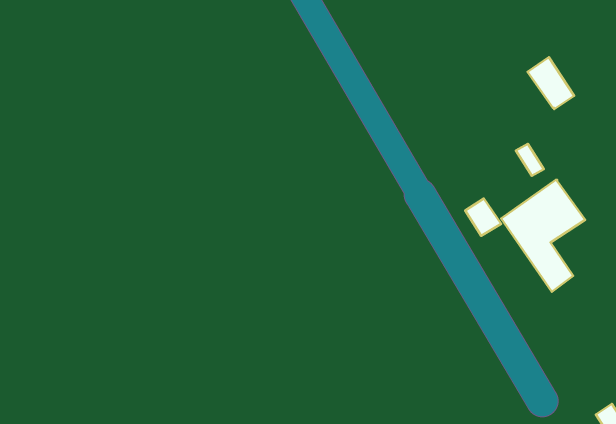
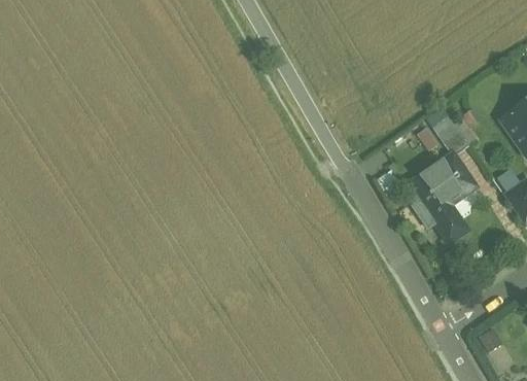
building: [527,57,574,109] -> [432,114,468,154]

